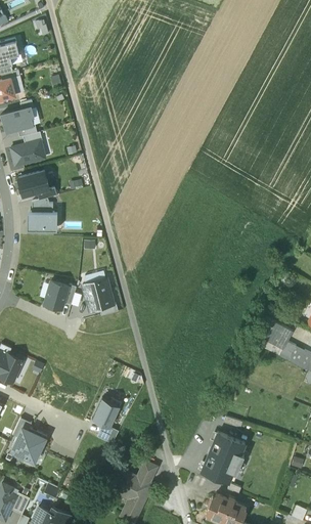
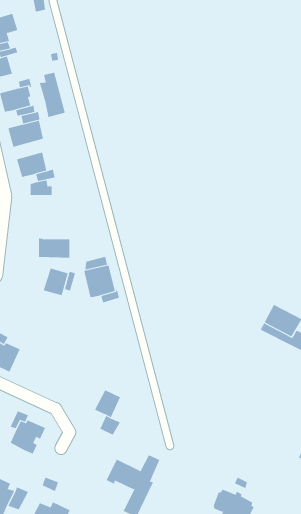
building: none -> [39,72,66,118]
building: [27,212,57,231] -> [38,238,70,258]
building: [202,432,246,481] -> none

